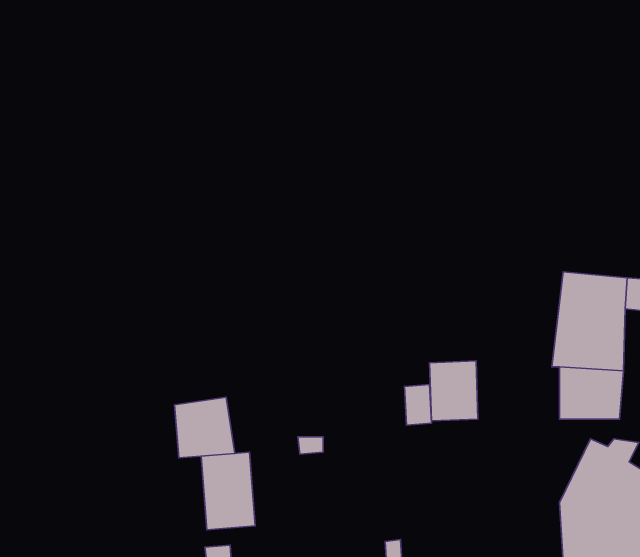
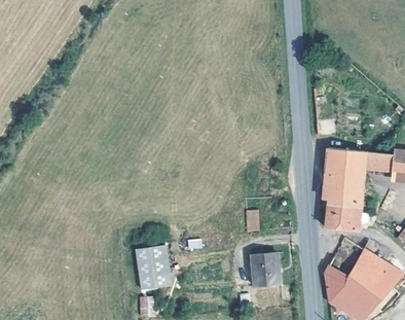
building: [430,361,478,421] -> [251,253,277,285]
building: [175,397,235,458] -> none

